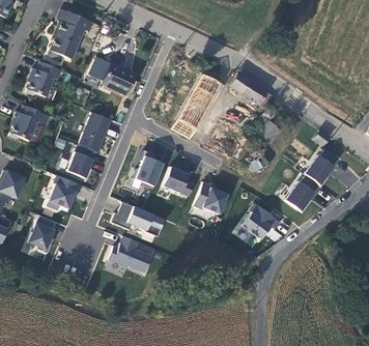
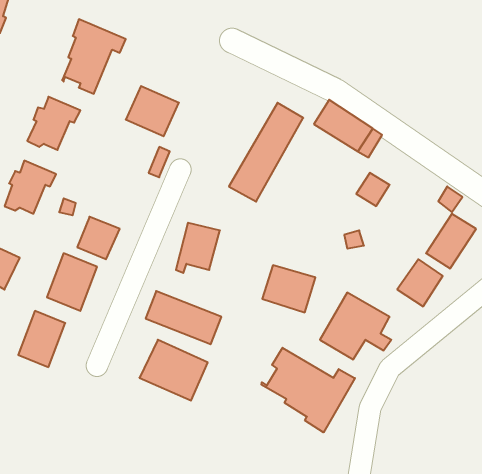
building: [77,110,111,152] -> none
building: [162,165,194,195] -> none
building: none -> [261,348,355,432]

